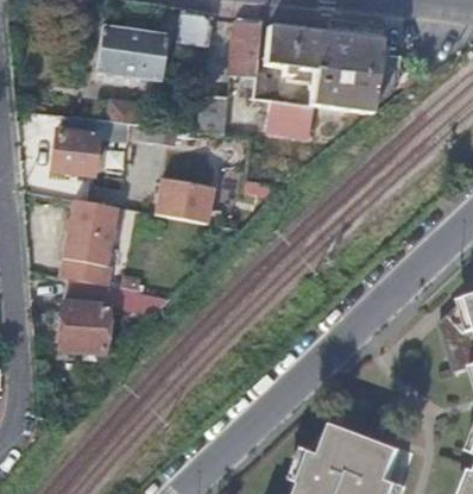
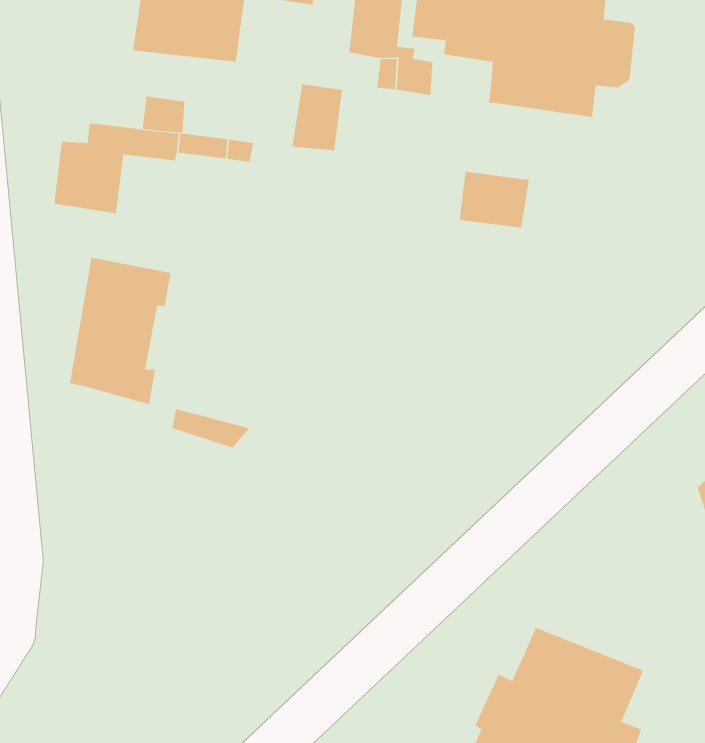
building: [272,100,315,135] -> [459,171,530,228]
building: [157,177,216,220] -> none
building: [58,276,108,351] -> none

